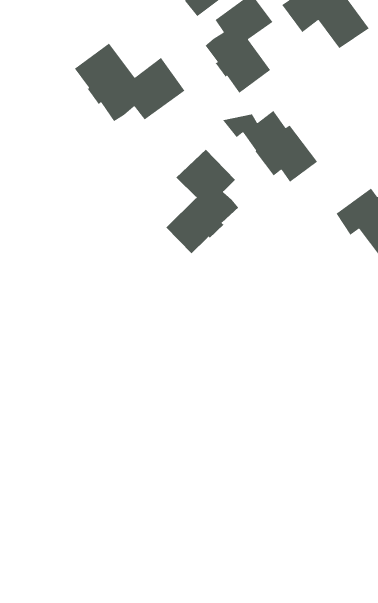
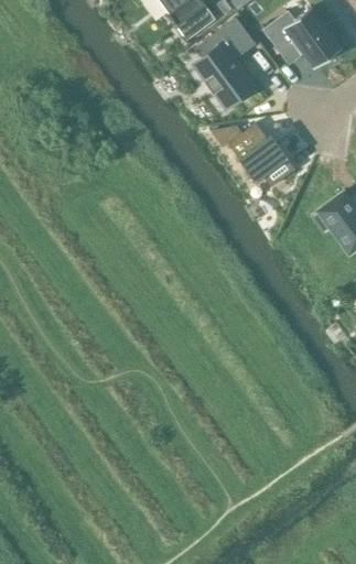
building: [74,43,185,122] -> none
building: [165,149,239,254] -> none

